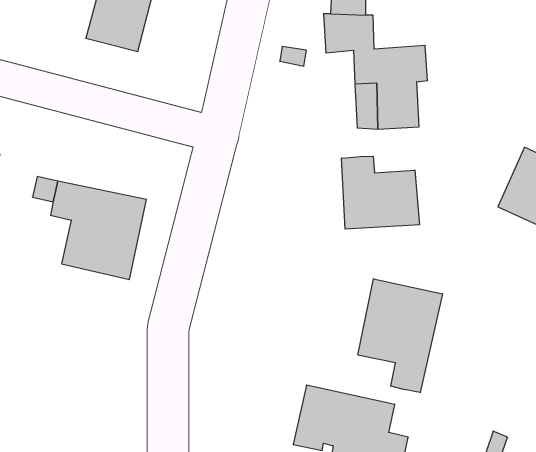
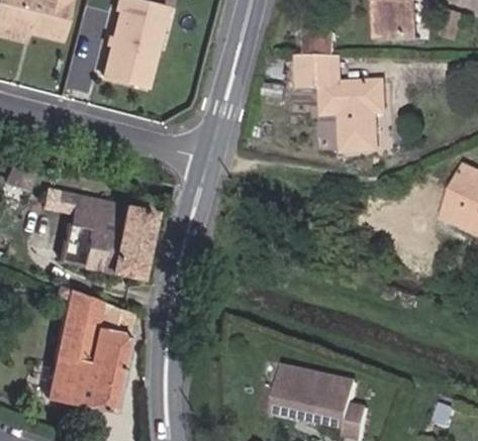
building: [342,156,419,229] -> none
building: [358,279,442,393] -> none
building: none -> [44,284,130,411]

